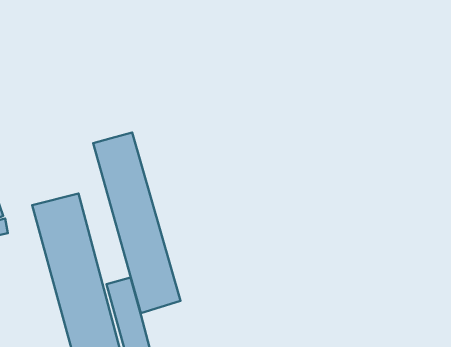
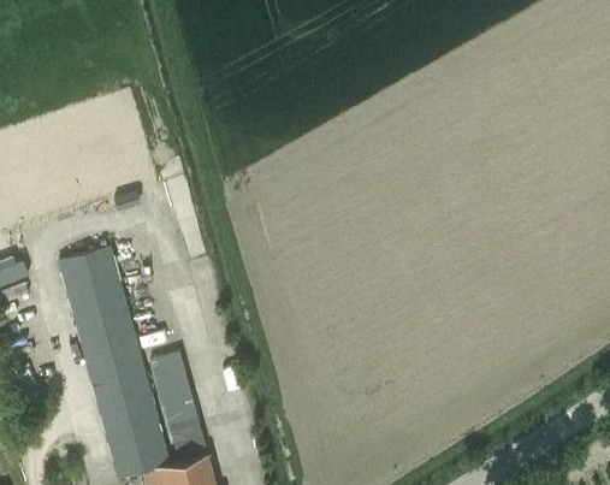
building: [93,133,180,313] -> none

